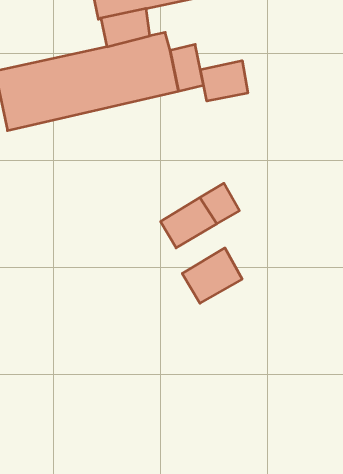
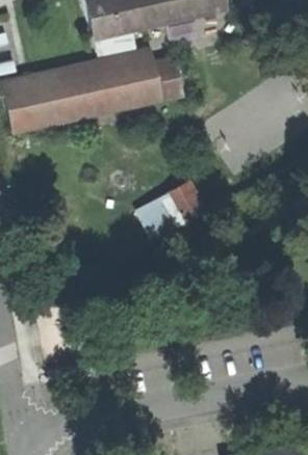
building: [200,61,248,101] -> none
building: [182,248,242,303] -> none

